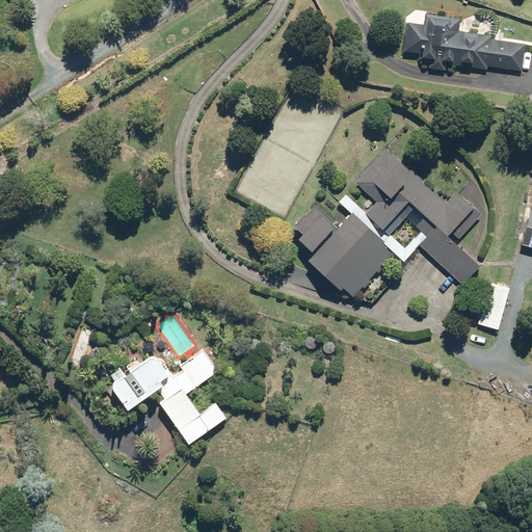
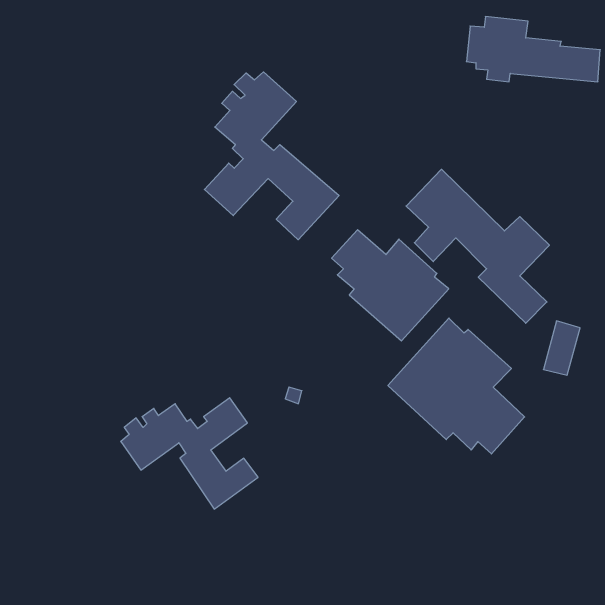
building: none -> [204,72,339,240]
building: none -> [388,318,525,454]

